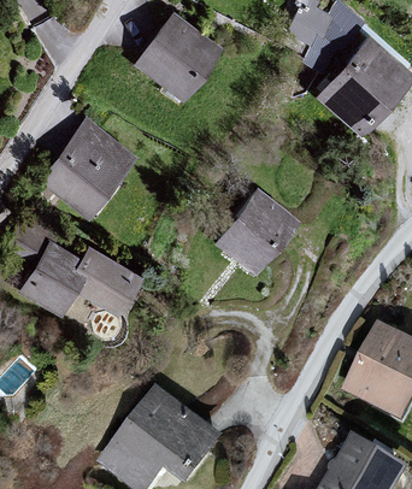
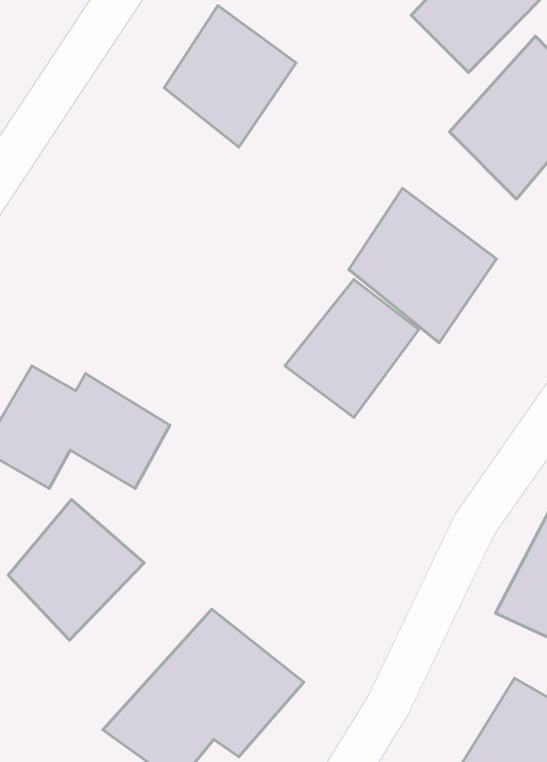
building: [39,117,135,214] -> none
building: none -> [349,188,496,343]
building: none -> [8,500,144,640]

